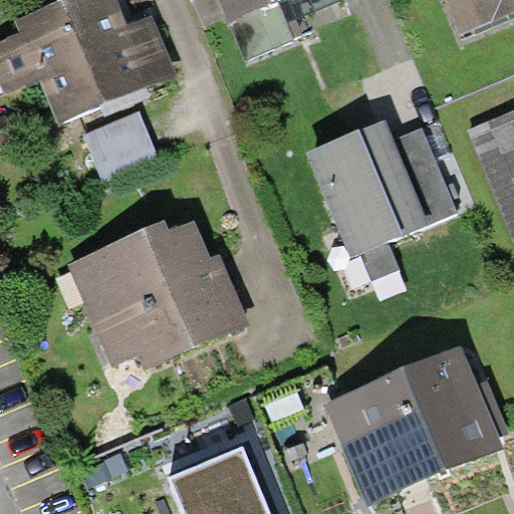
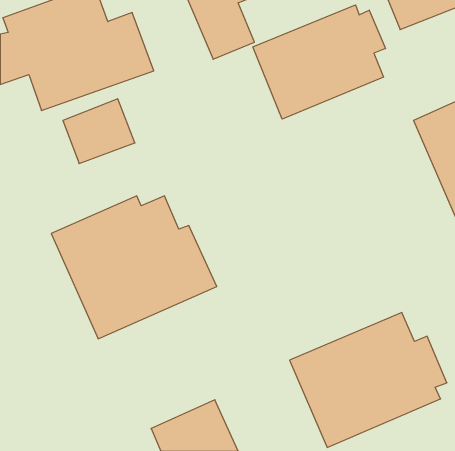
building: none -> [253,5,385,119]
building: [308,120,460,285] -> none

